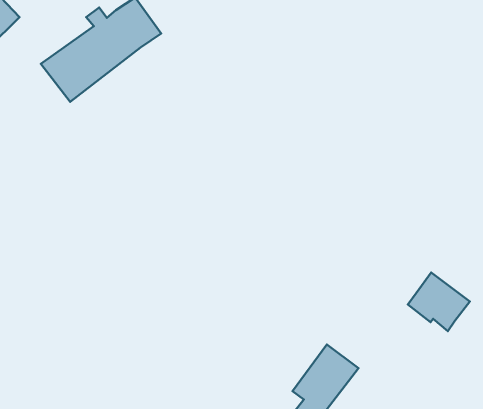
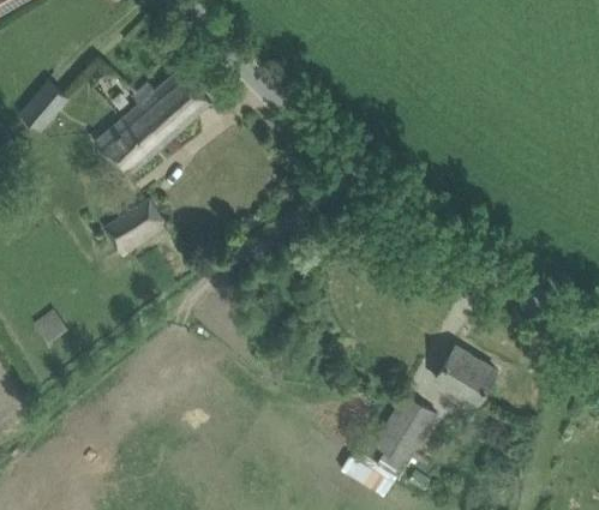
building: none -> [106,199,164,256]
building: [408,273,470,331] -> [435,344,496,401]

